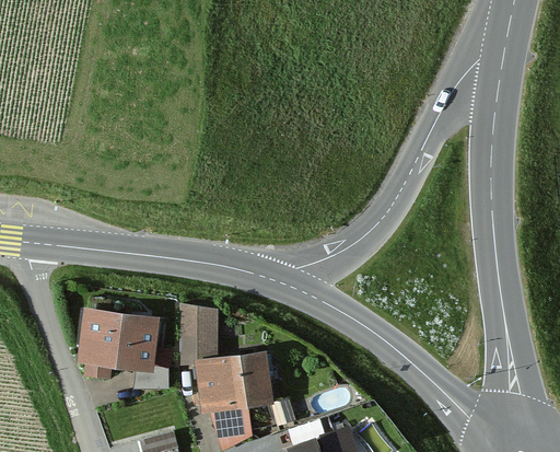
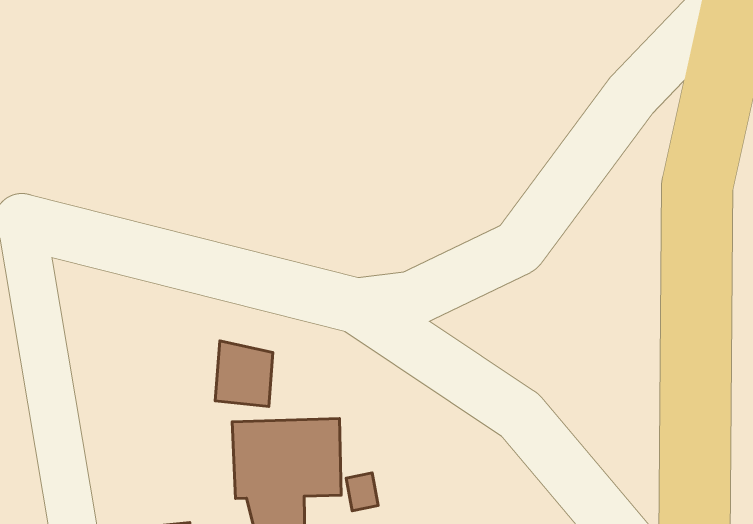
building: [78,311,159,371] -> none

